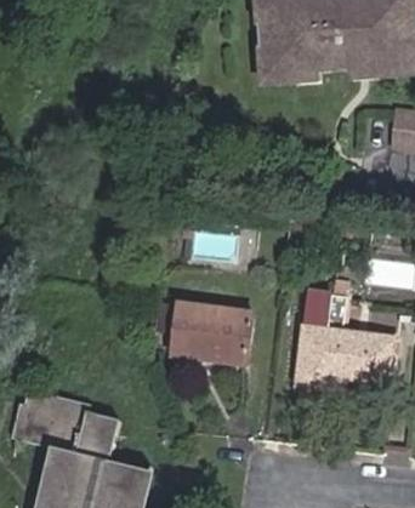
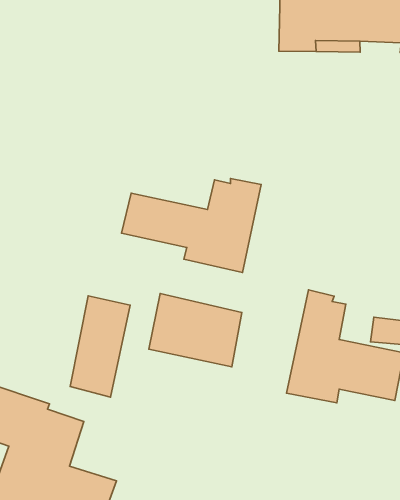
building: none -> [122,179,261,273]
building: none -> [70,296,130,397]

